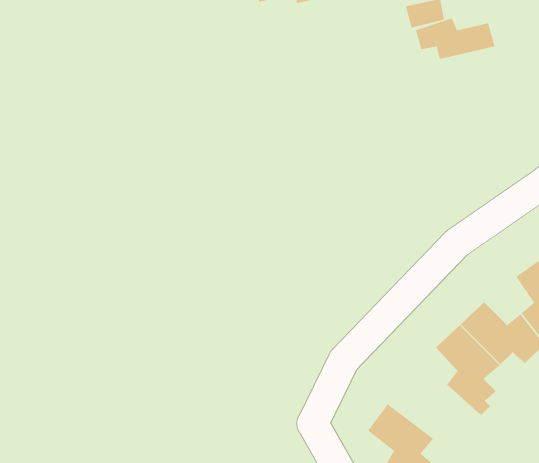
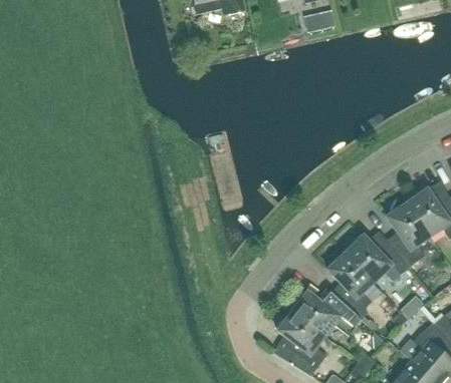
building: [415,17,495,60] -> none
building: none -> [292,289,358,334]

